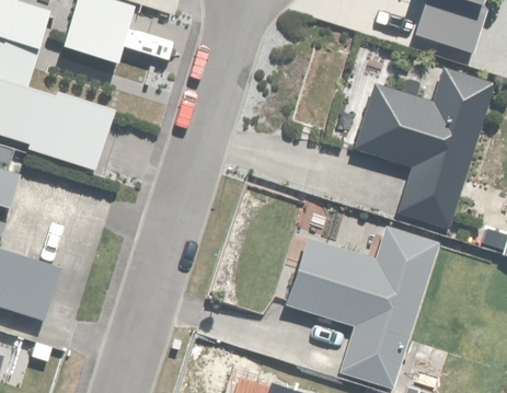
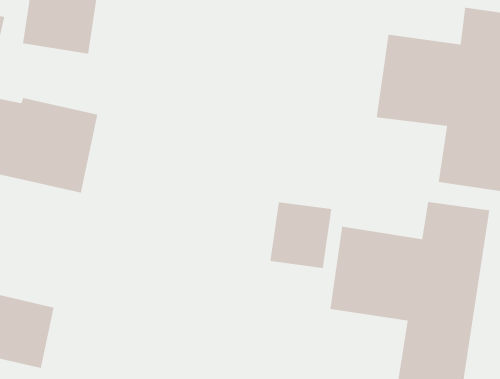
building: none -> [269,201,332,269]

